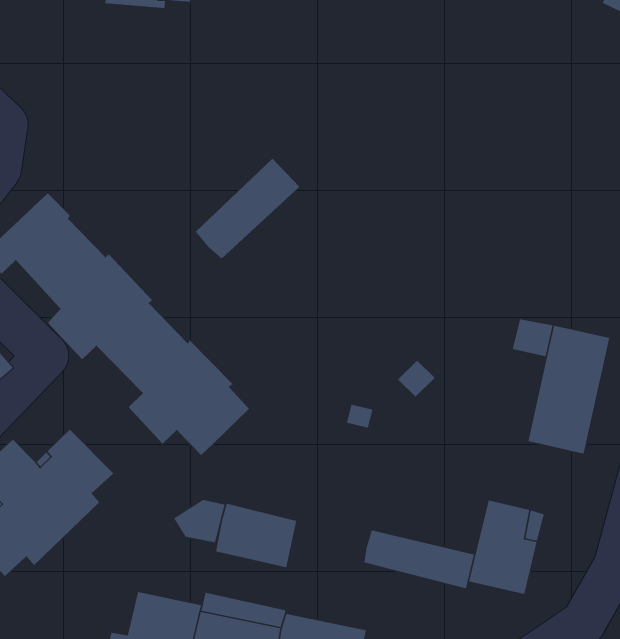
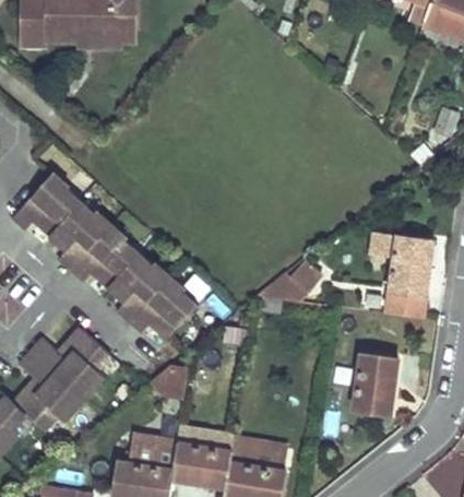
building: [195,158,300,259] -> none
building: [215,503,297,568] -> none
building: [364,529,475,589] -> none

